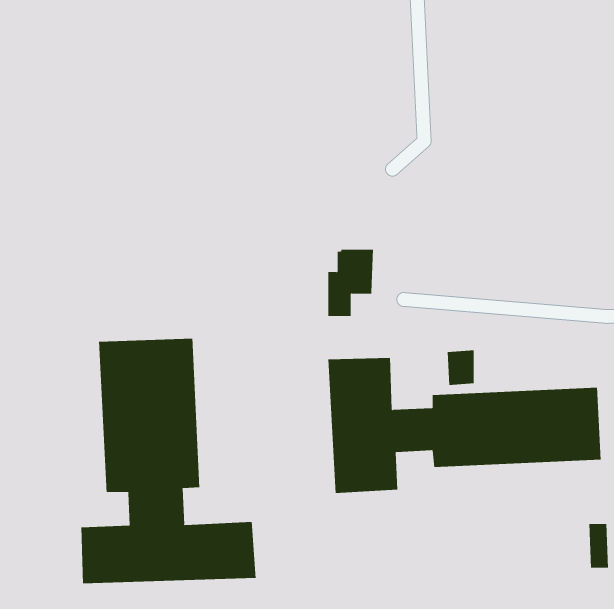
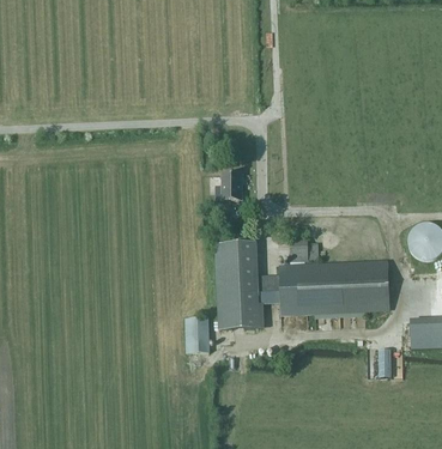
building: [81,338,256,584] -> none
building: none -> [187,317,210,354]

